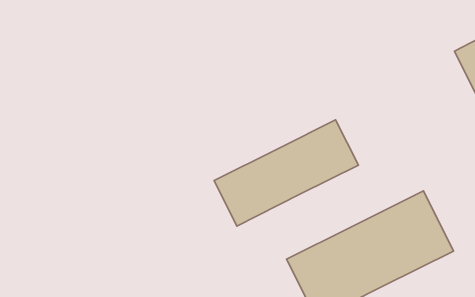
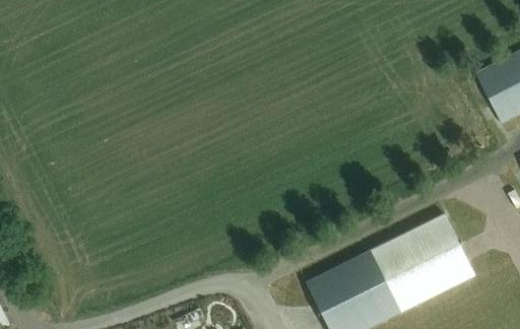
building: [214,120,358,226] -> none

